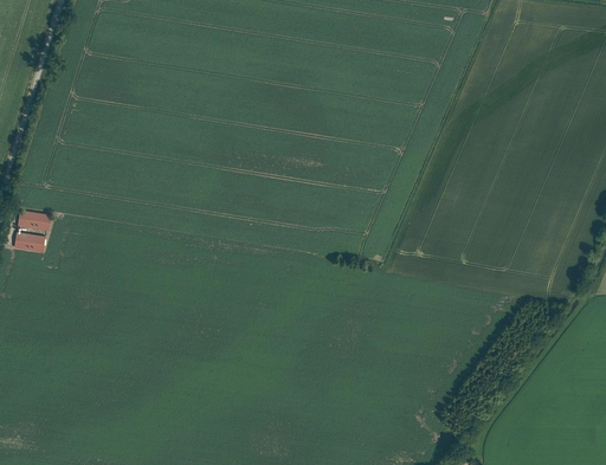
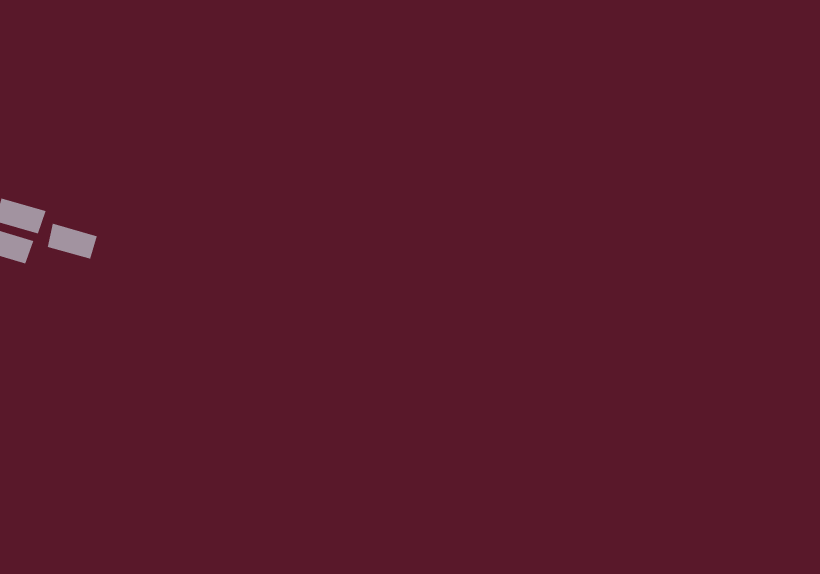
building: none -> [47,223,97,259]

